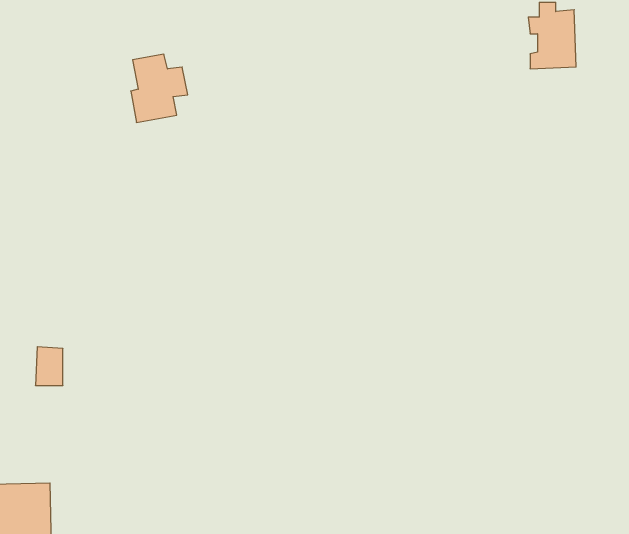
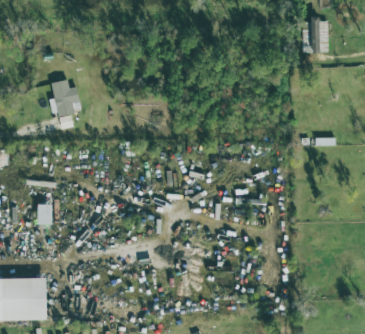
building: [131,54,188,122] -> [50,79,81,116]

